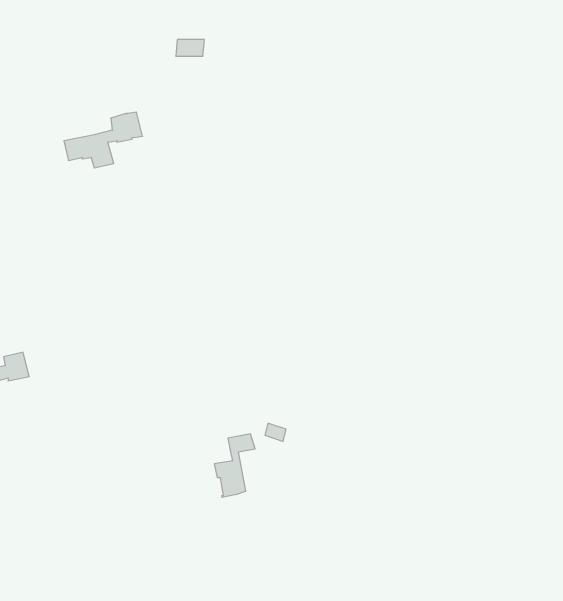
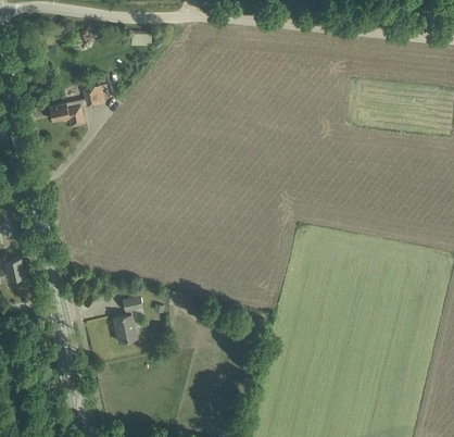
building: [214,434,255,497] -> [114,296,143,341]

